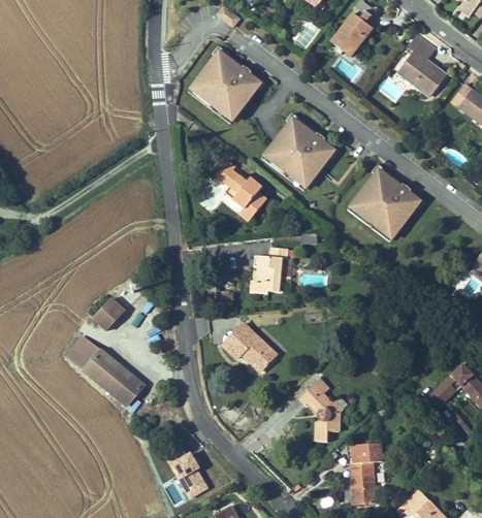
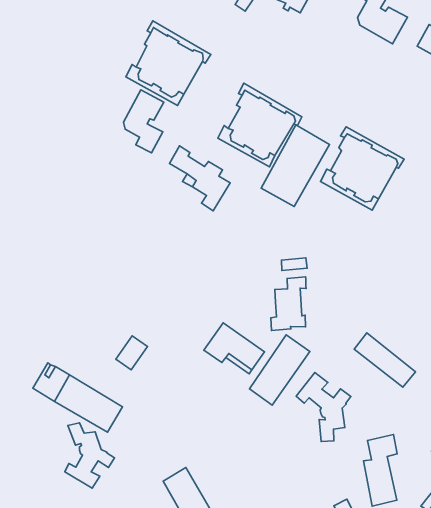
building: none -> [124,90,164,153]
building: none -> [261,125,329,206]
building: [251,248,288,293] -> [271,277,306,330]
building: [93,298,123,328] -> [116,336,148,370]
building: none -> [249,335,310,405]
building: none -> [354,333,416,387]
building: none -> [65,423,114,488]

